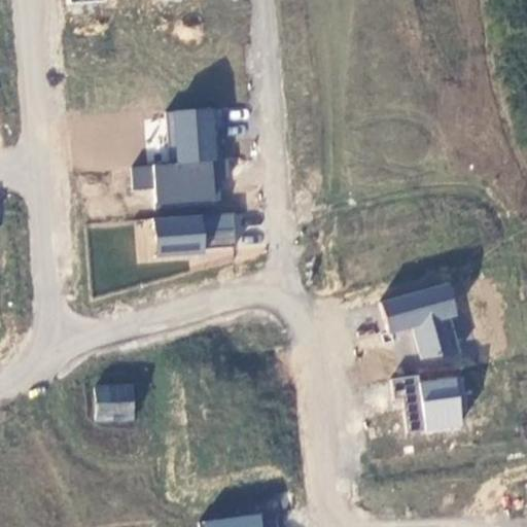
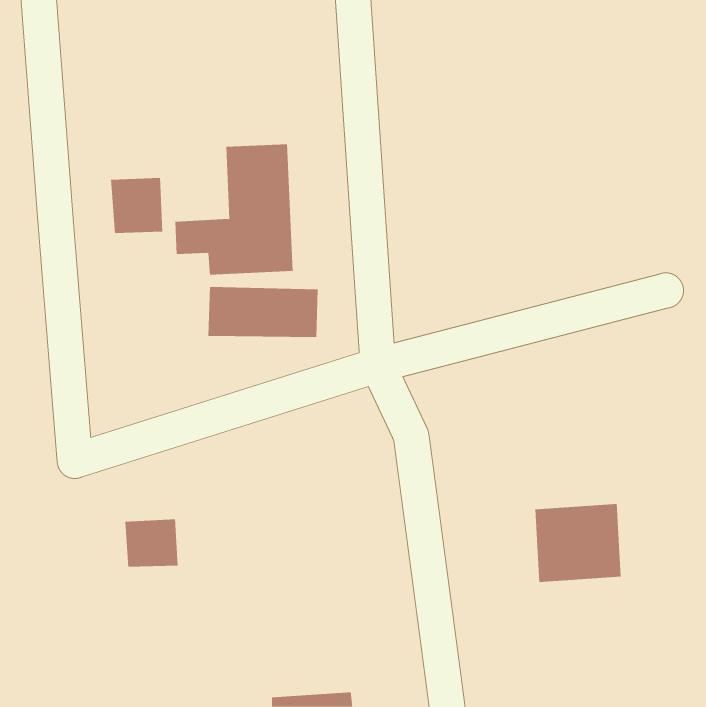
building: none -> [111,177,163,234]
building: [383,285,462,360] -> none

